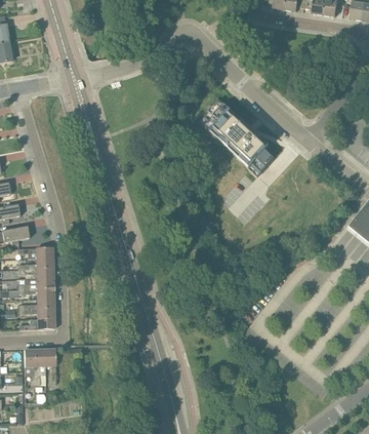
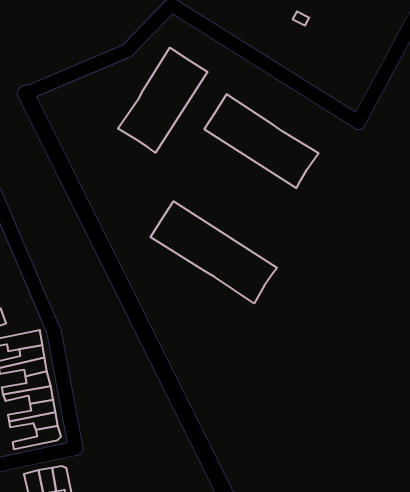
building: none -> [118,48,207,153]
building: none -> [150,201,277,303]

